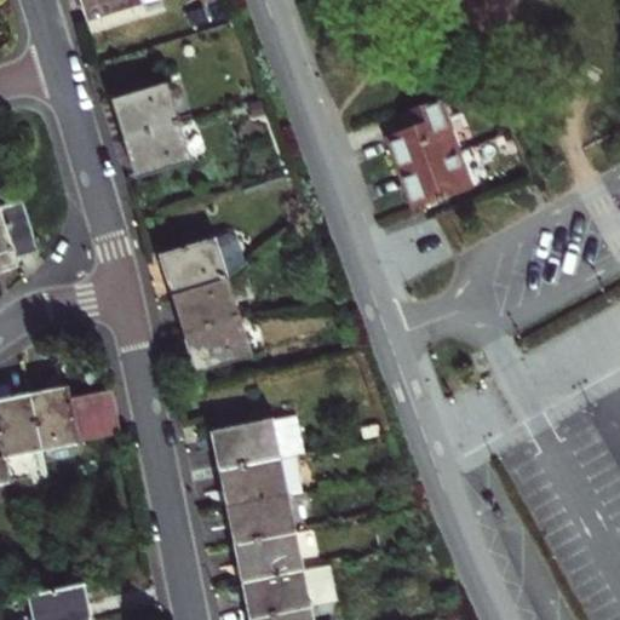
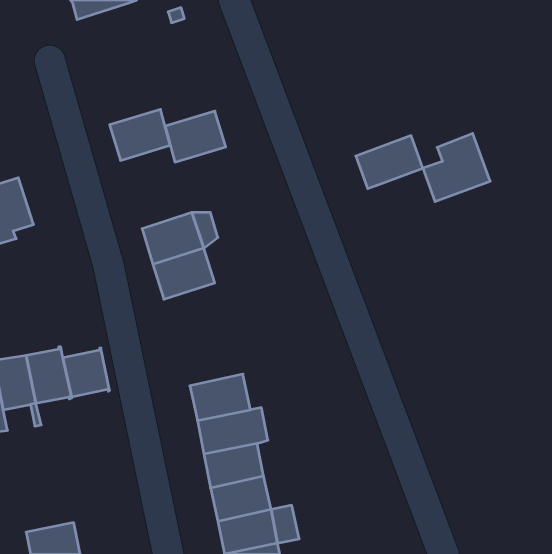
building: [111,82,179,139] -> [165,111,226,162]
building: [384,98,459,174] -> [423,133,490,202]
building: [183,316,252,373] -> none

